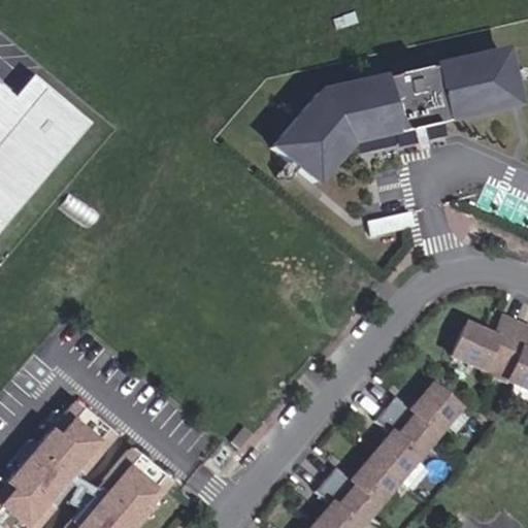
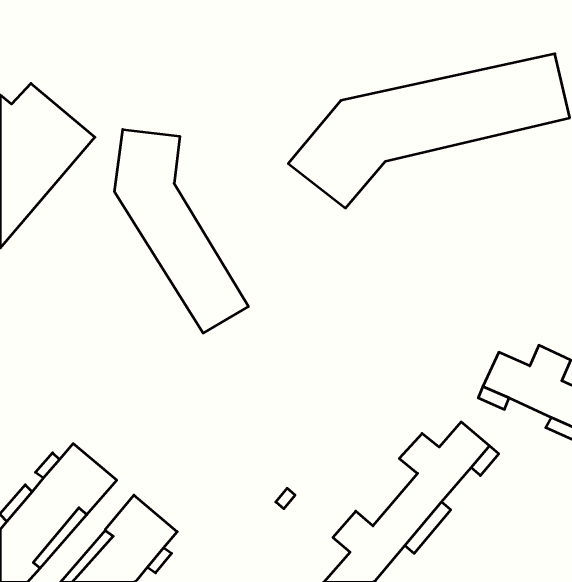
building: none -> [115,129,248,333]

